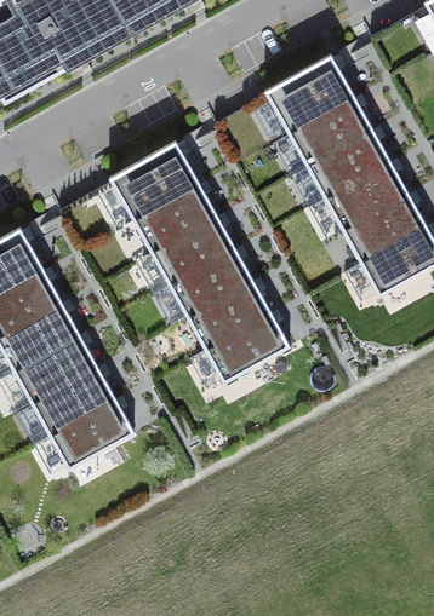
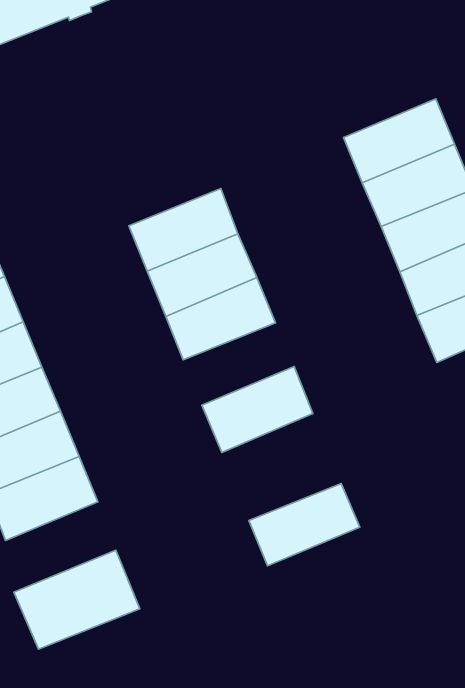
building: [262,53,353,133] -> none
building: [107,139,198,219] -> none
building: [184,280,269,349] -> [249,483,360,566]
building: none -> [14,550,140,649]

